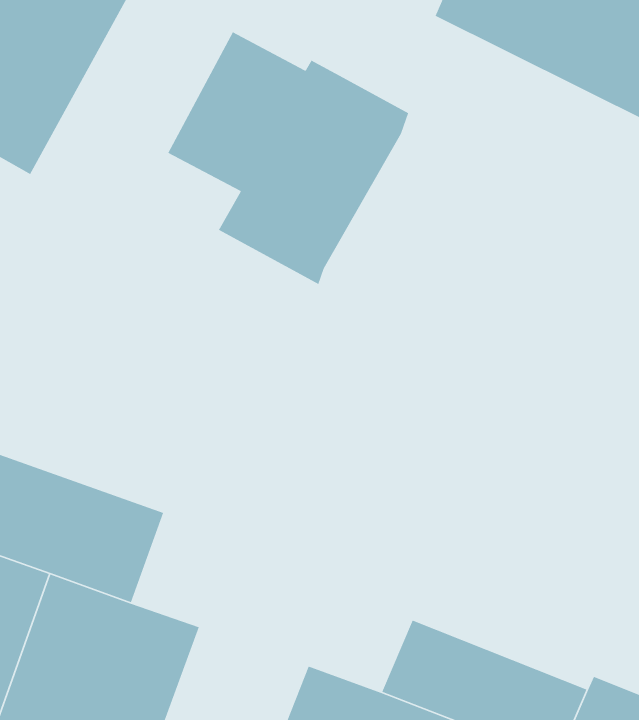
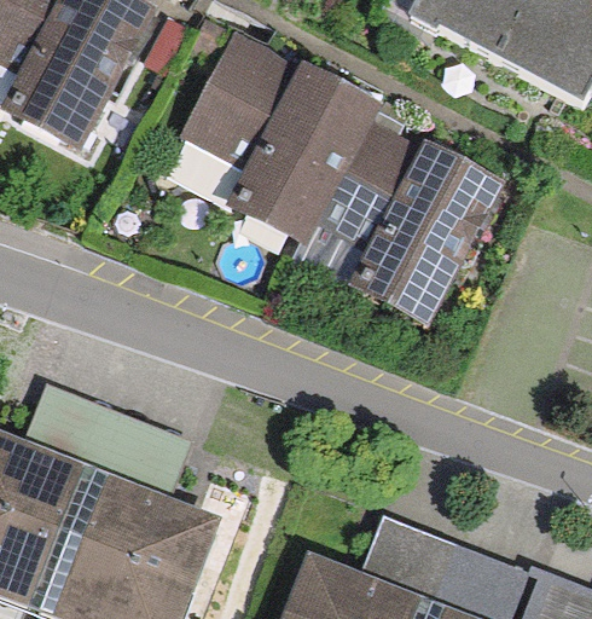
building: none -> [314,121,506,328]

